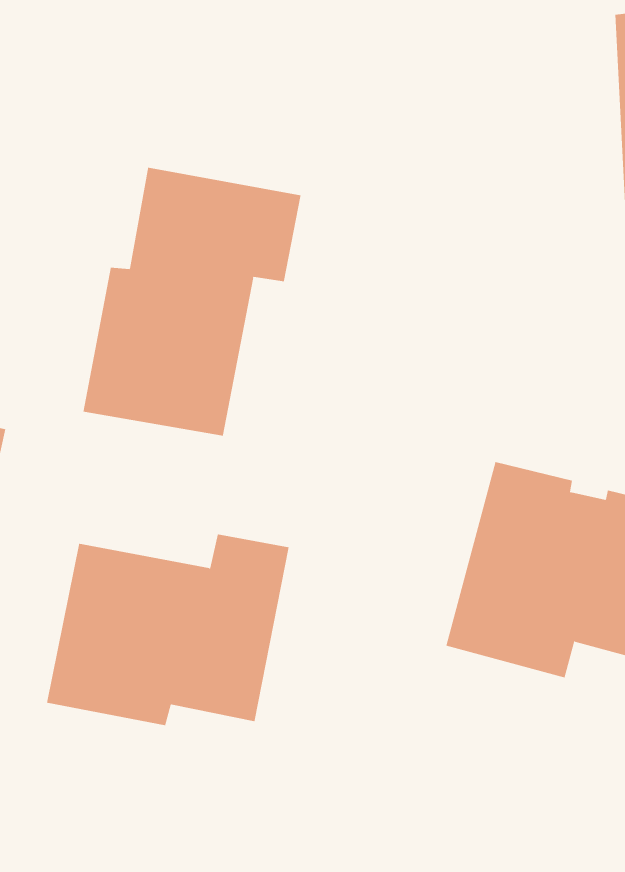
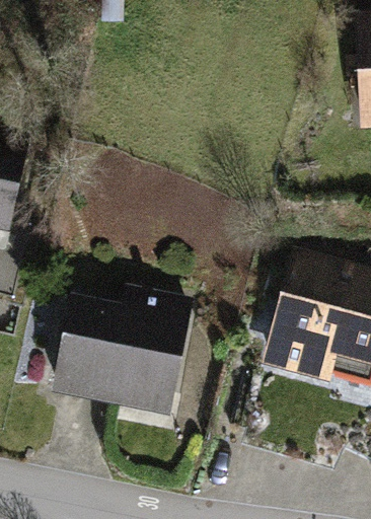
building: [83,167,301,436] -> none

